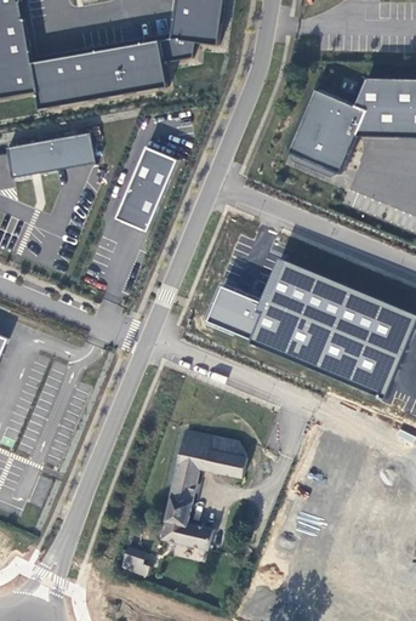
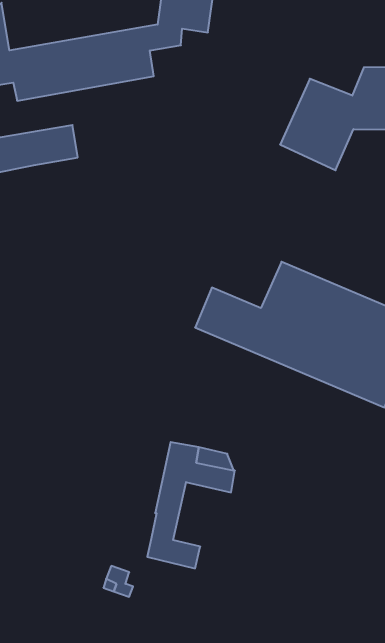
building: [115,146,177,230] -> none

